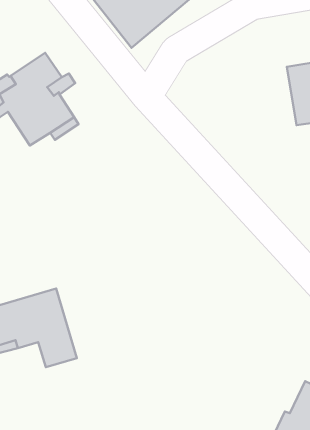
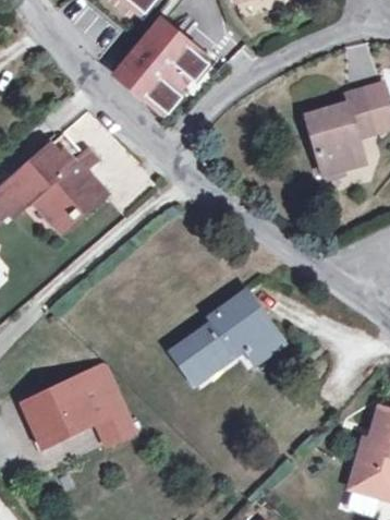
building: none -> [173,294,282,382]

